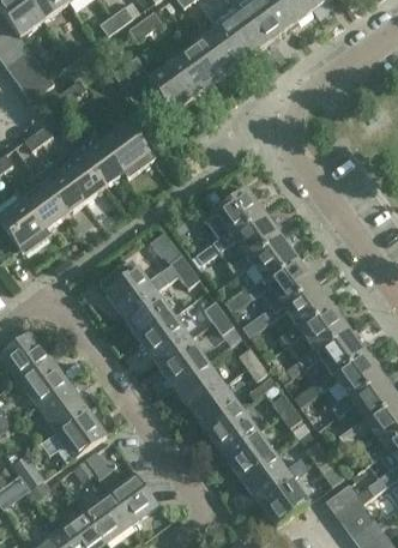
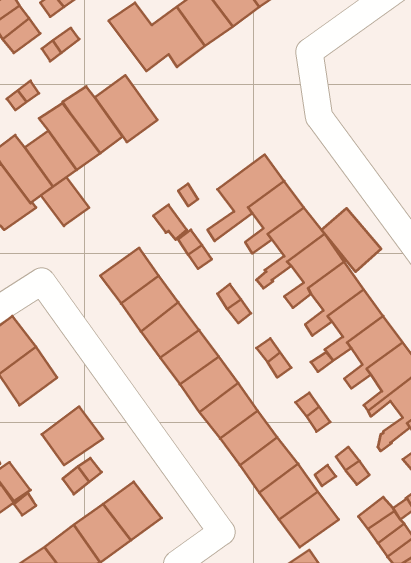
building: none -> [41,177,89,226]
building: none -> [321,208,381,272]
building: [35,381,86,430] -> none

